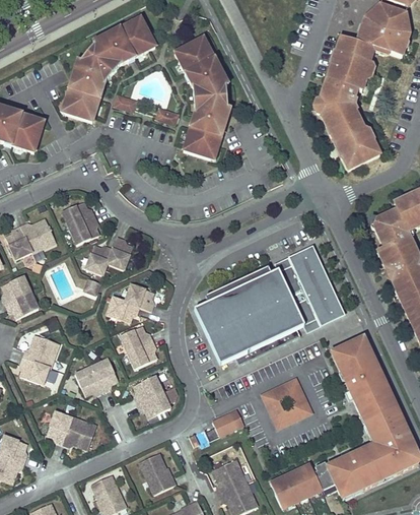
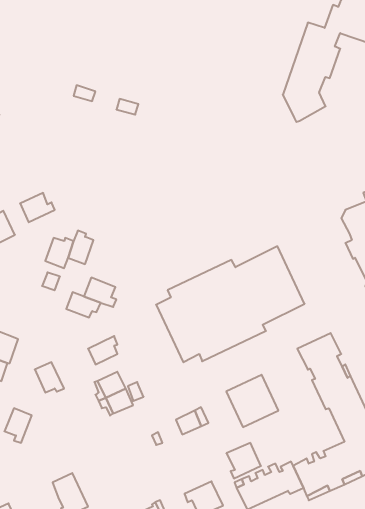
building: [63,20,154,121] -> none
building: [173,40,229,158] -> none
building: [330,116,380,169] -> none
building: [70,216,98,243] -> none
building: [120,324,153,351] -> none
building: [92,357,119,390] -> none
building: [63,413,97,447] -> none
building: [139,452,176,493] -> none
building: [214,458,248,493] -> [226,443,261,478]

